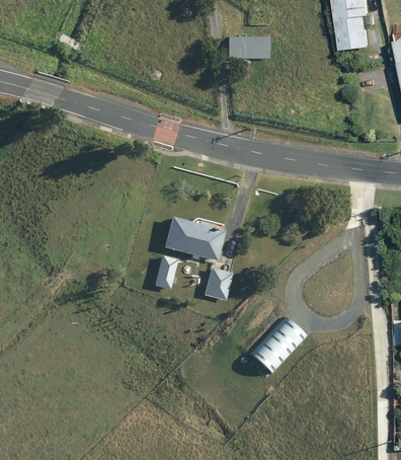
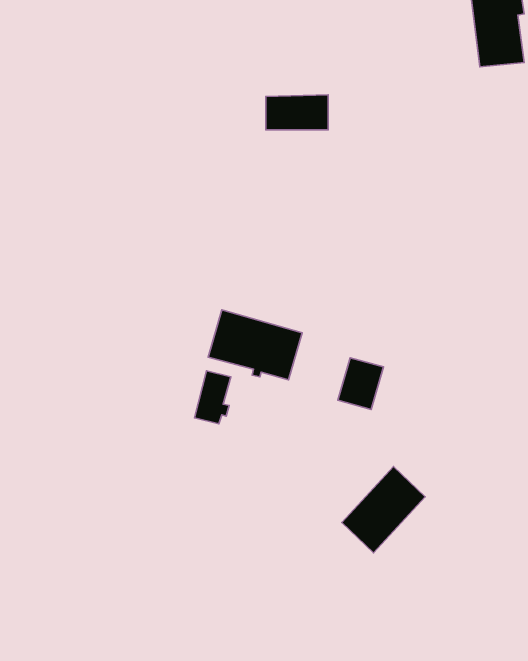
building: [224,36,265,60] -> [266,95,328,130]
building: [198,265,229,300] -> [338,358,383,409]

